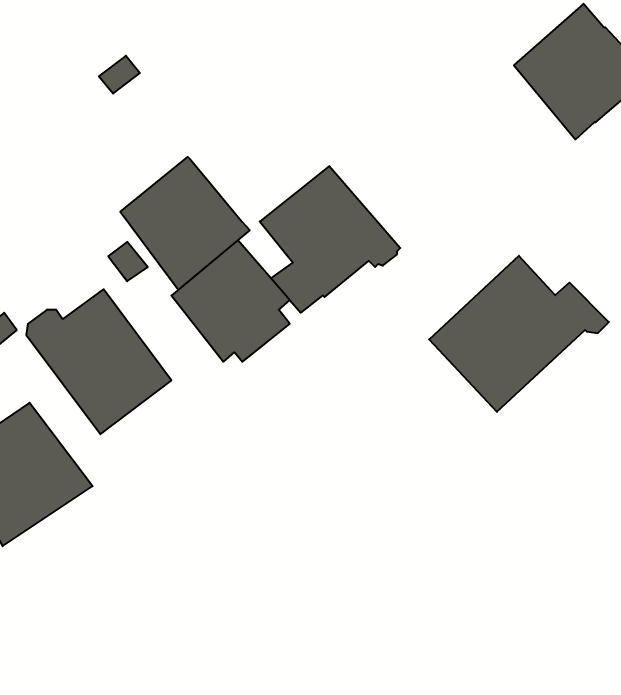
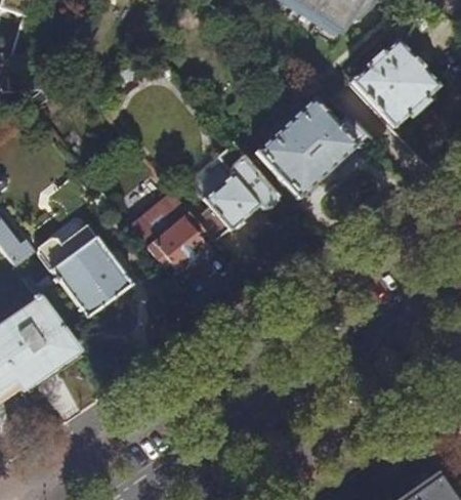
building: [120,157,250,290] -> none
building: [429,256,609,412] -> [255,96,372,198]

